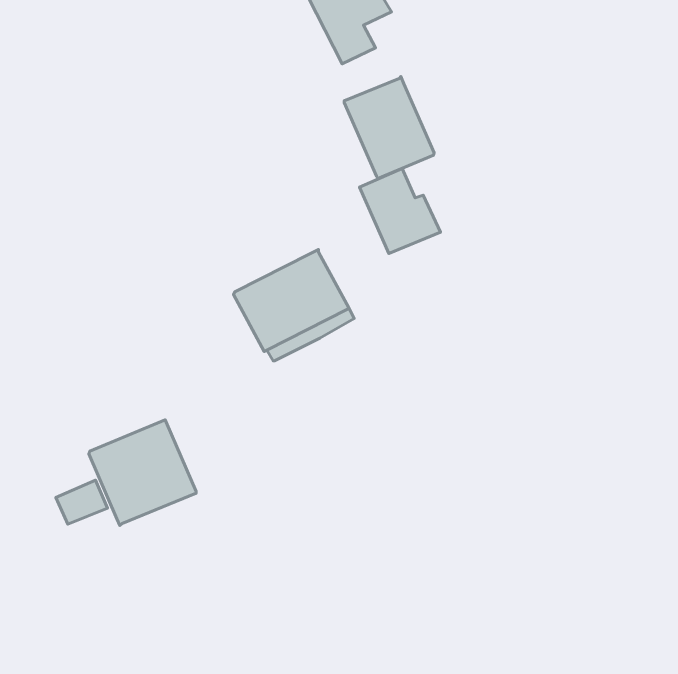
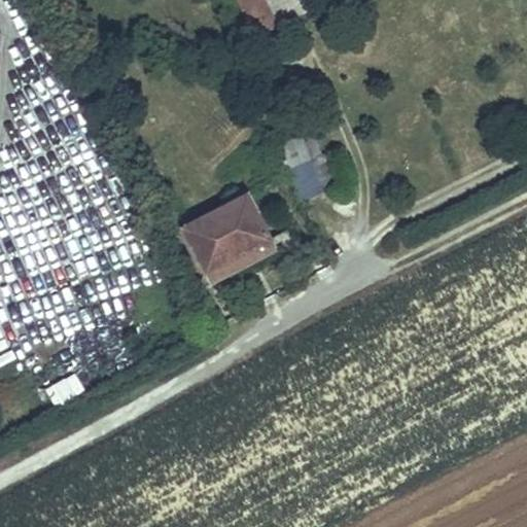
building: [344,77,434,179] -> none
building: [89,420,196,525] -> none

